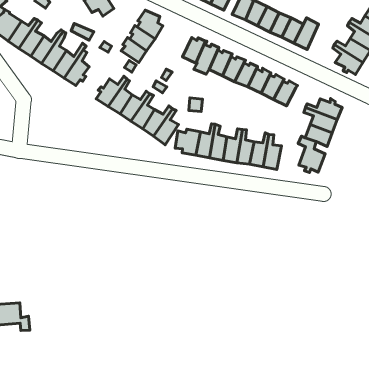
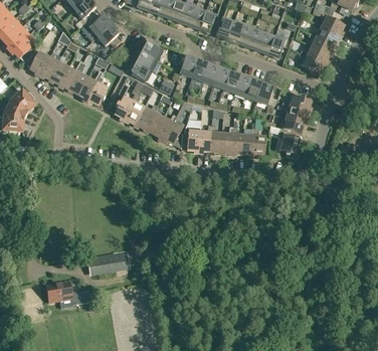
building: none -> [97,250,129,270]

